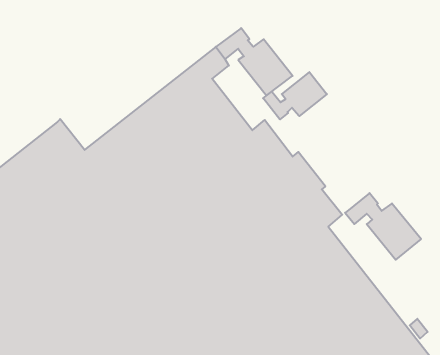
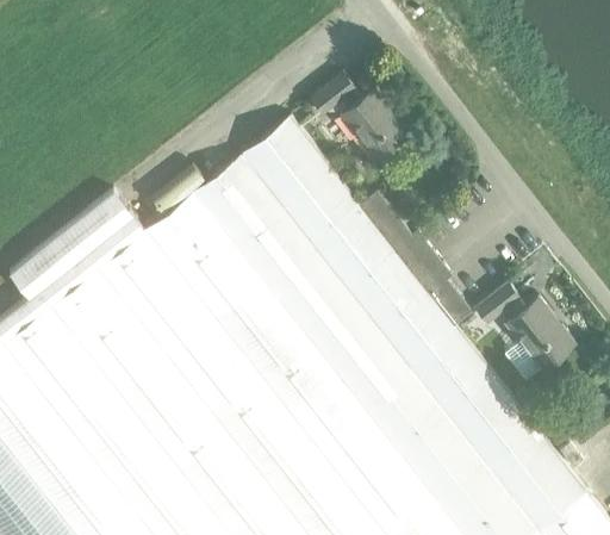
building: [263,72,327,119] -> none

